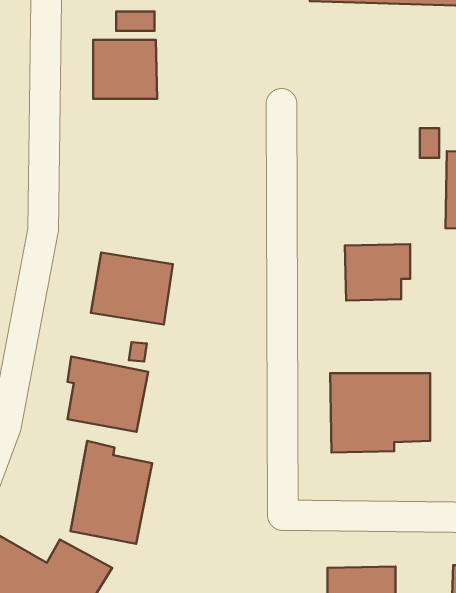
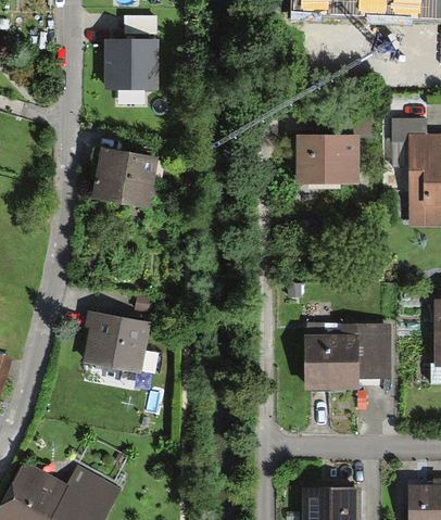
building: [345,244,410,300] -> [294,132,350,180]
building: [91,253,173,324] -> [91,148,161,208]
building: [70,441,152,544] -> none

